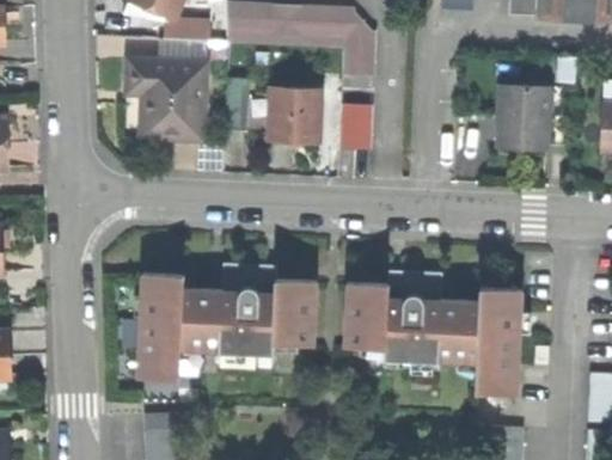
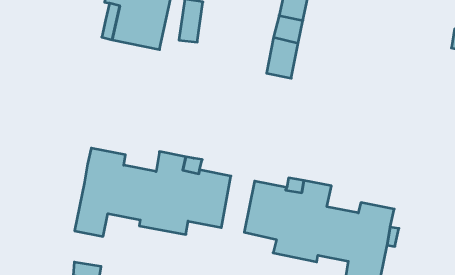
building: [498,84,549,141] -> none
building: [269,88,320,141] -> none

